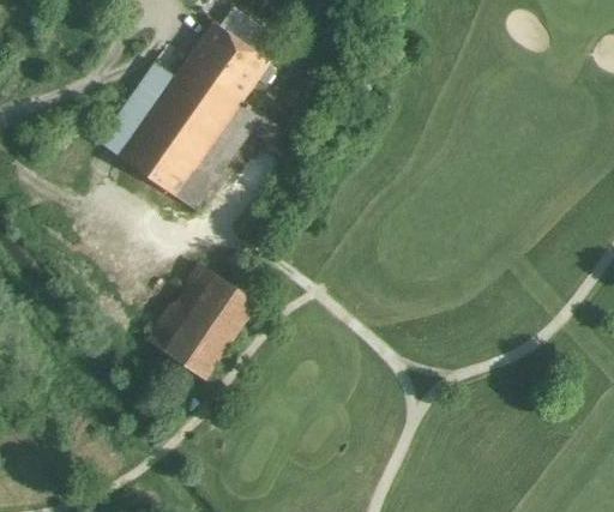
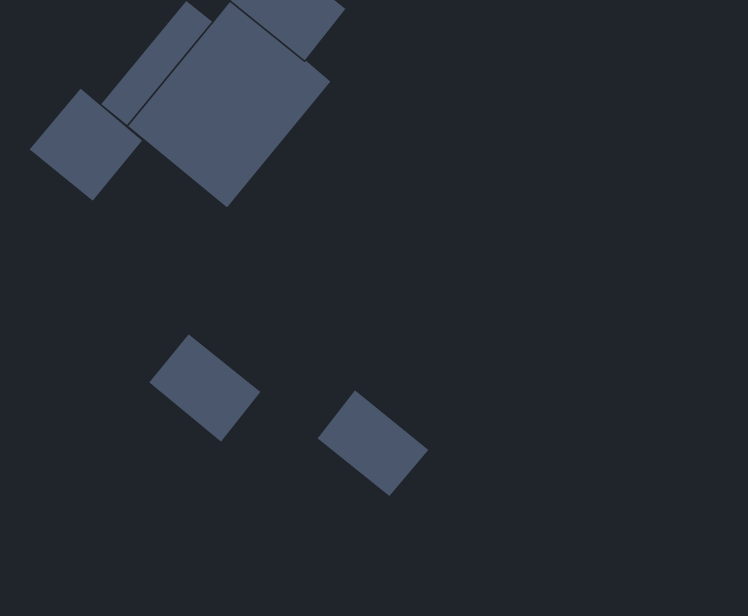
building: none -> [28,87,143,202]
building: [173,263,254,338] -> [316,389,430,497]

